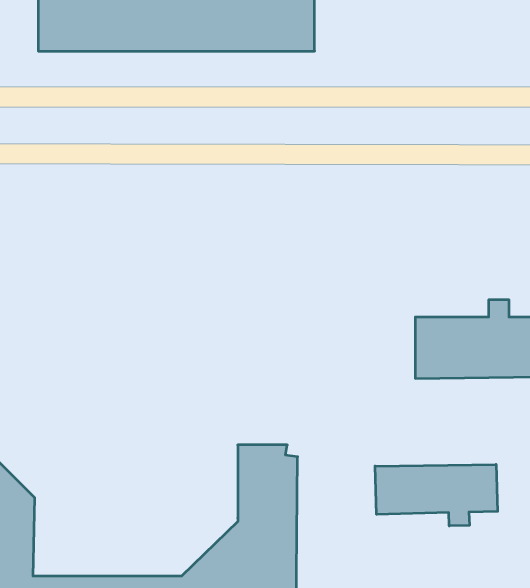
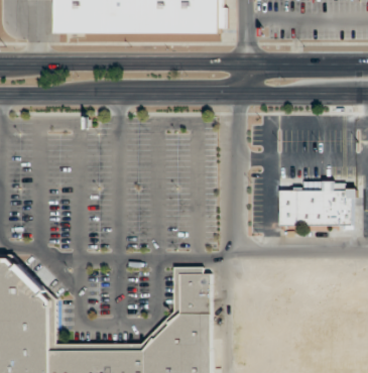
building: [375,464,498,526] -> none

